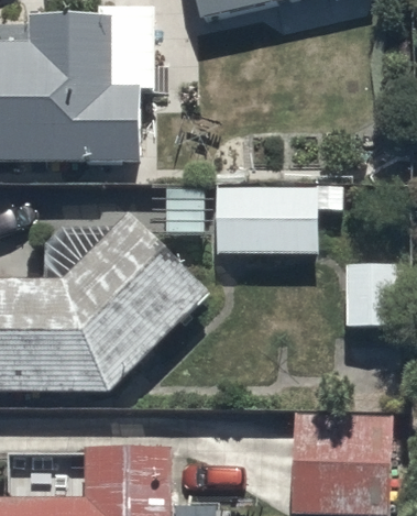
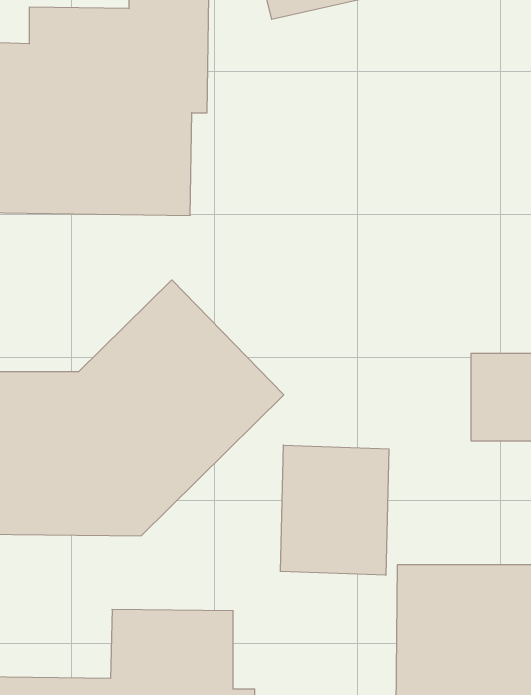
building: [162,184,340,252] -> none
building: none -> [280,445,389,575]

